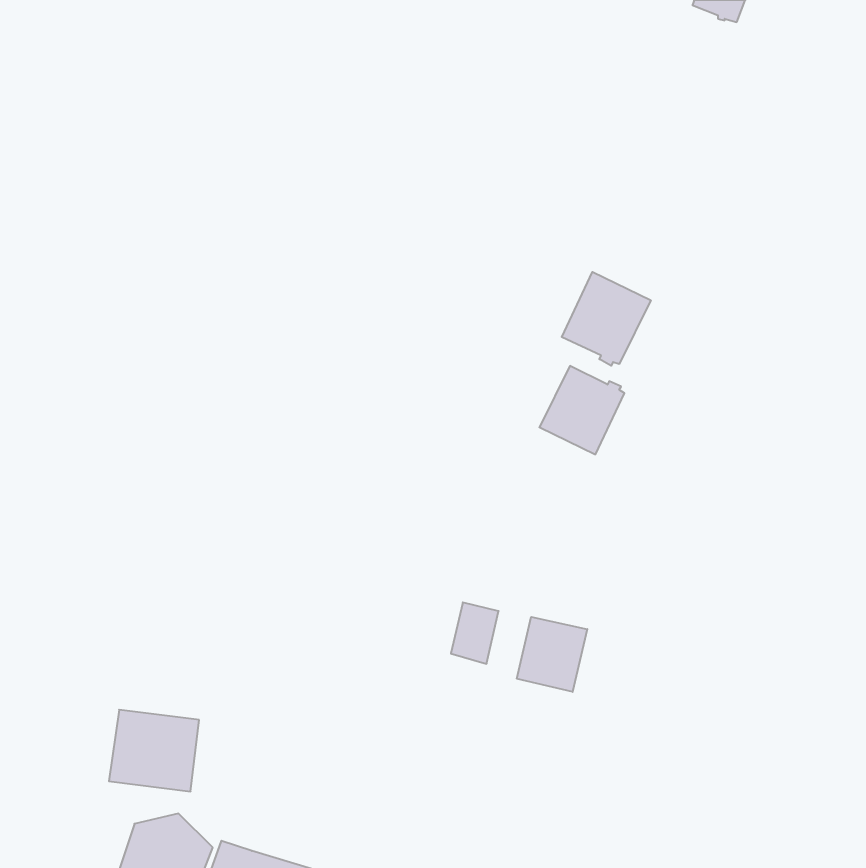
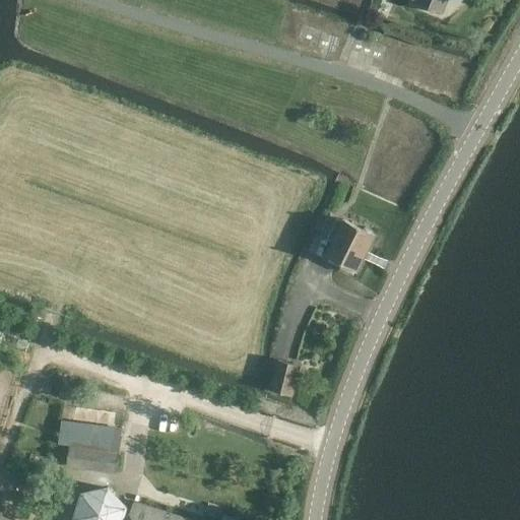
building: [562,272,651,366] -> none
building: [517,617,587,692] -> none

